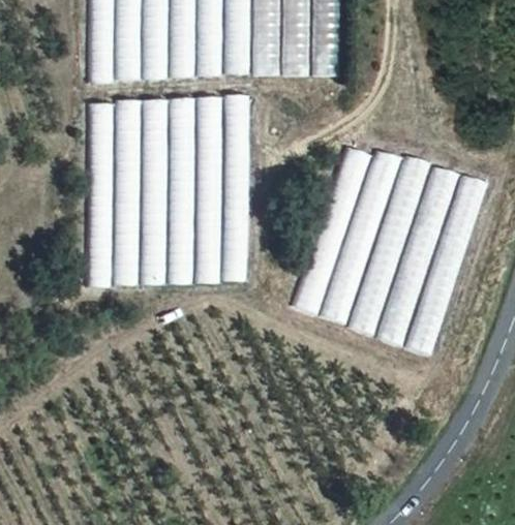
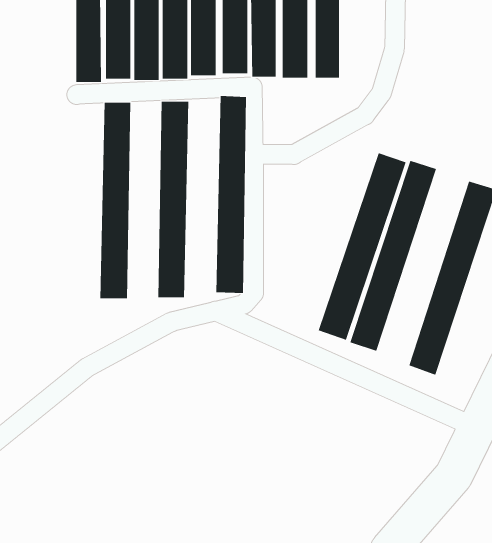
building: [193,97,223,283] -> none
building: [139,100,169,287] -> none
building: [84,104,114,287] -> none
building: [291,146,372,314] -> none
building: [373,165,459,348] -> none

